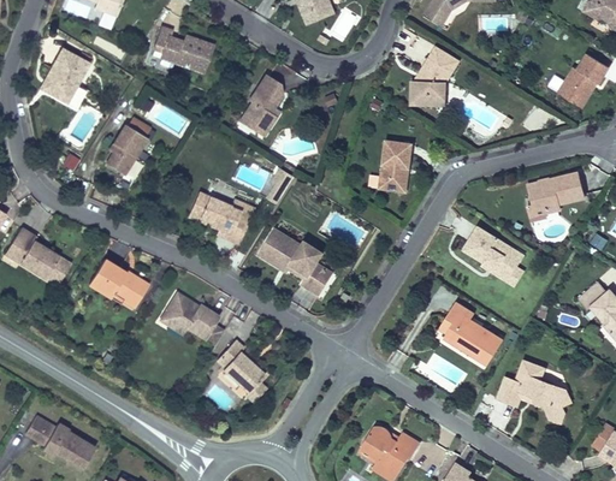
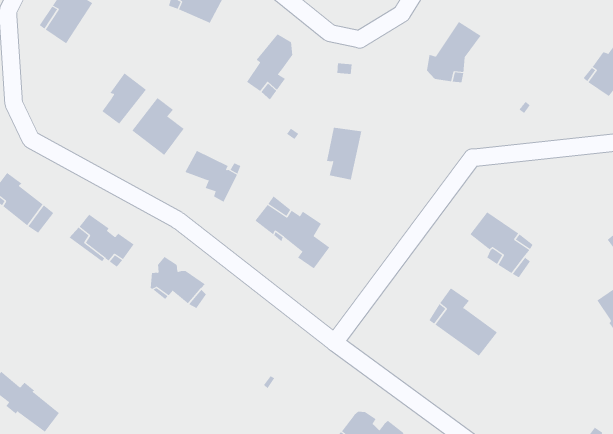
building: [379,143,410,191] -> [326,127,362,180]
building: none -> [132,97,185,156]
building: [527,167,584,212] -> none
building: [218,342,266,402] -> none
building: [491,358,565,415] -> none

